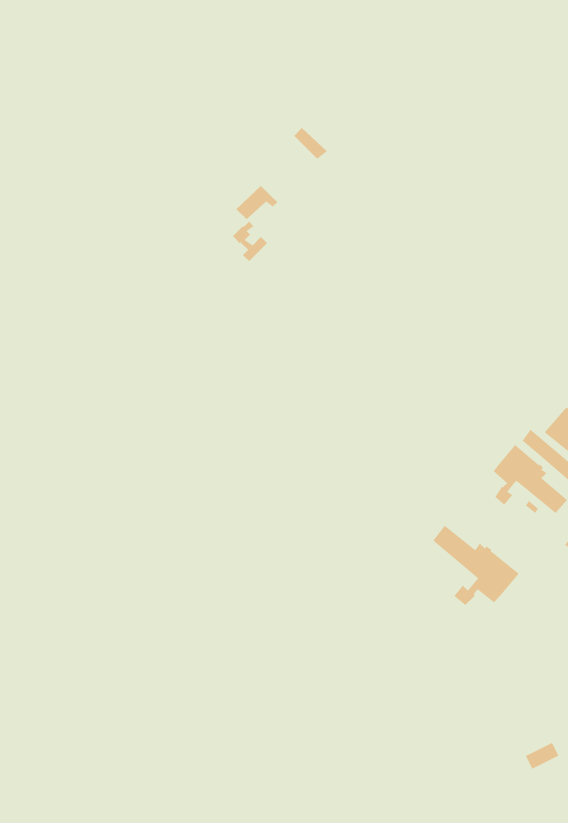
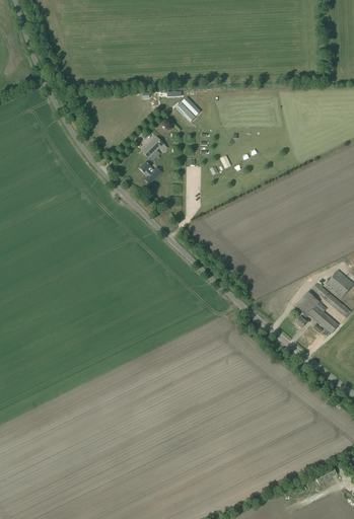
building: [432,525,519,606] -> none

